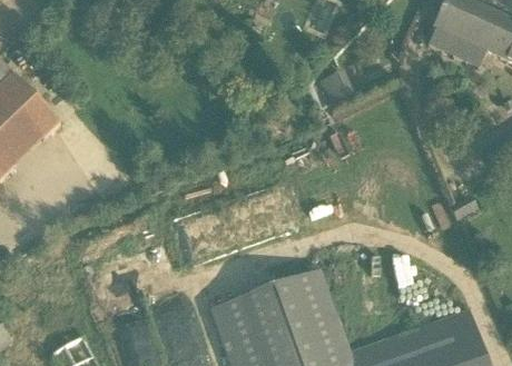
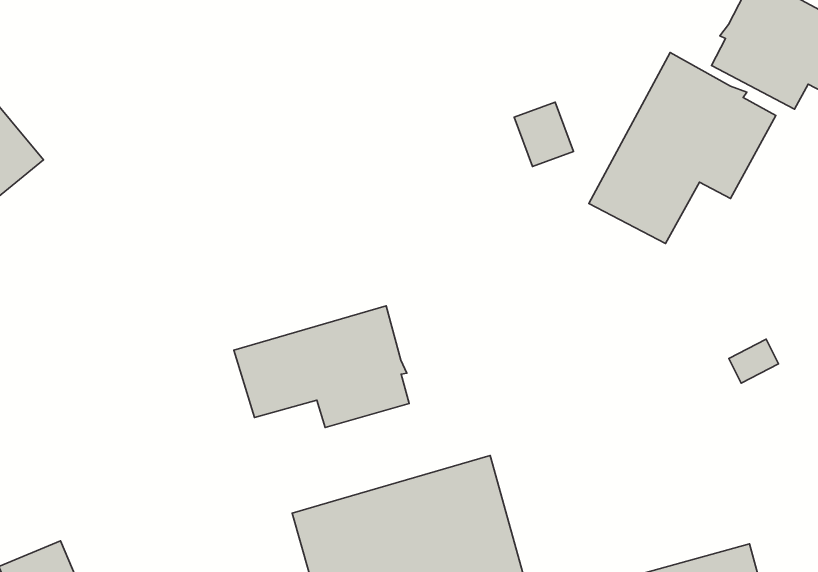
building: none -> [589,52,776,244]
building: none -> [234,306,409,427]

